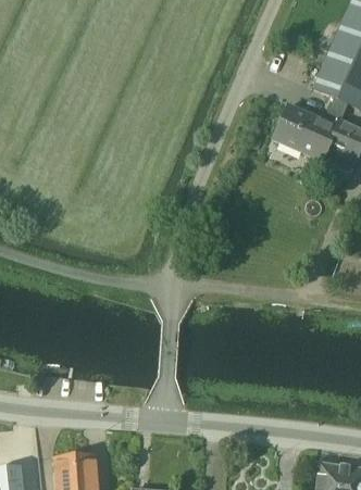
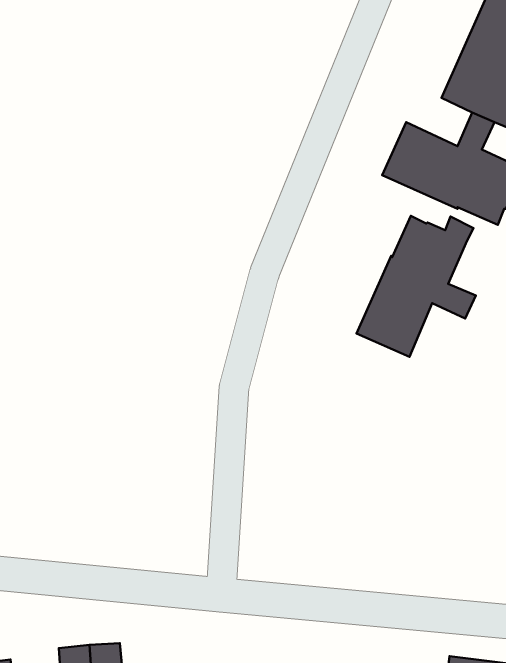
building: none -> [356,216,476,357]

